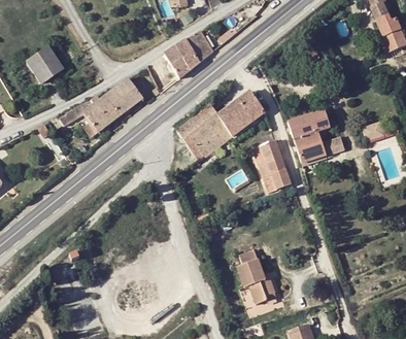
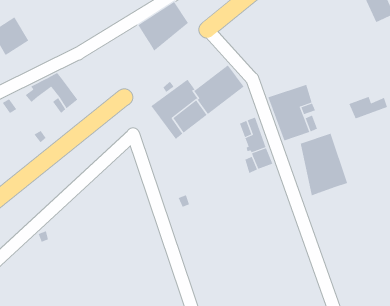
building: [89,78,142,124] -> none
building: none -> [300,133,348,196]
building: [232,239,273,298] -> none

